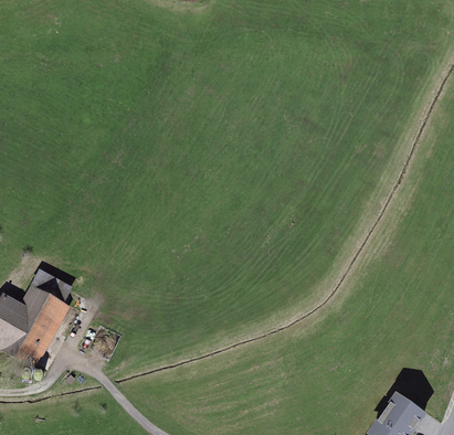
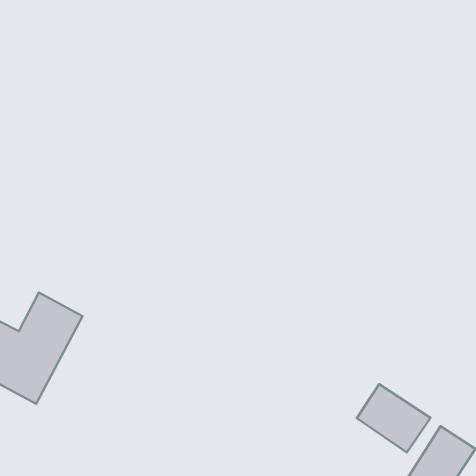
building: none -> [357,384,430,453]

